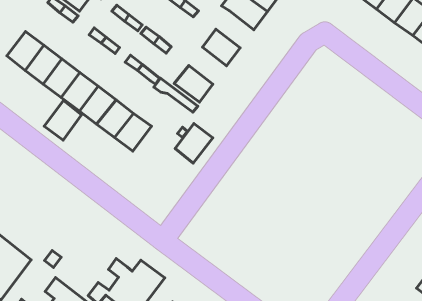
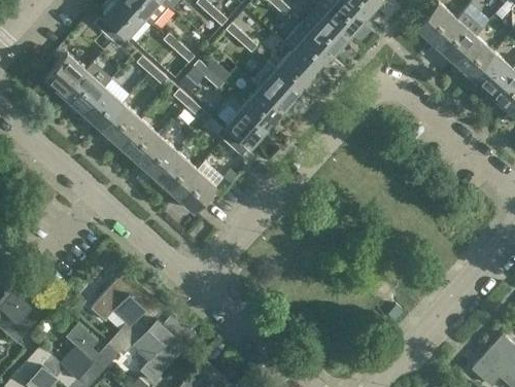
building: none -> [275,49,316,91]
building: none -> [242,86,283,128]
building: [44,100,81,140] -> none
building: [175,123,213,163] -> [173,168,215,211]
building: none -> [91,272,166,343]

